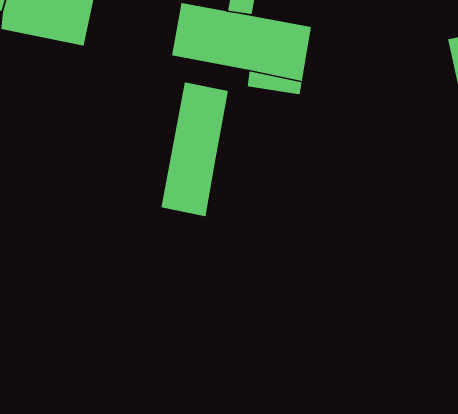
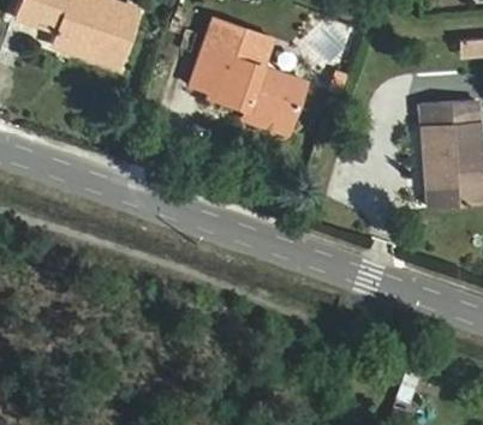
building: [161,82,229,217] -> none

